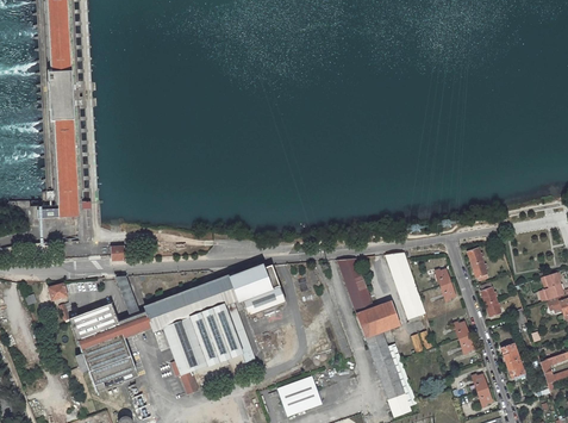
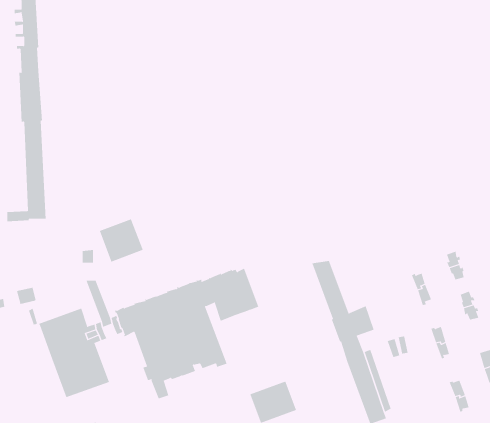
building: none -> [99,218,144,262]
building: [386,253,425,319] -> none

